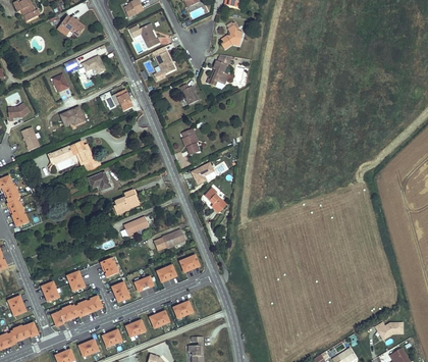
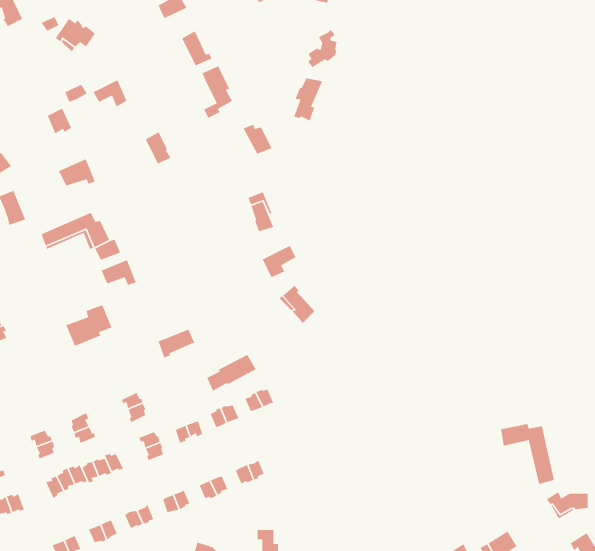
building: [109,189,140,216] -> [65,304,112,347]
building: none -> [500,423,555,485]

